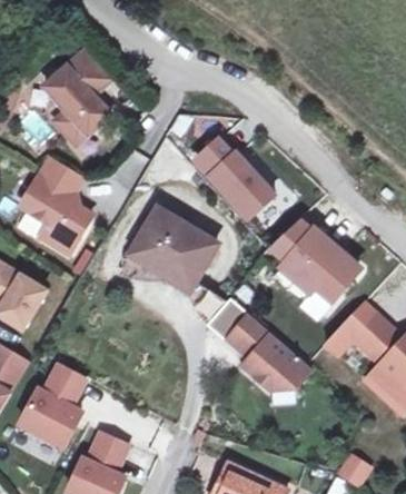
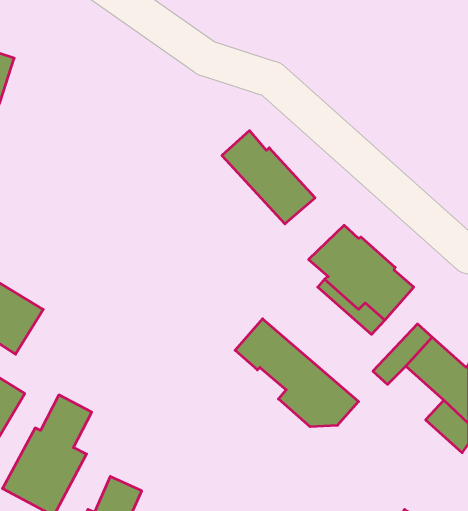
building: [43,49,110,145] -> none
building: [20,159,91,253] -> none
building: [130,208,216,288] -> none

